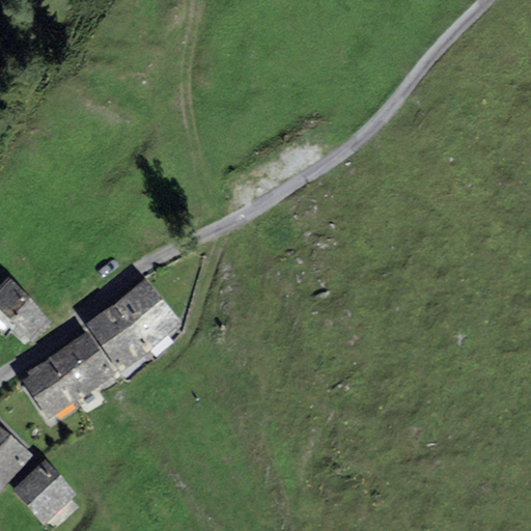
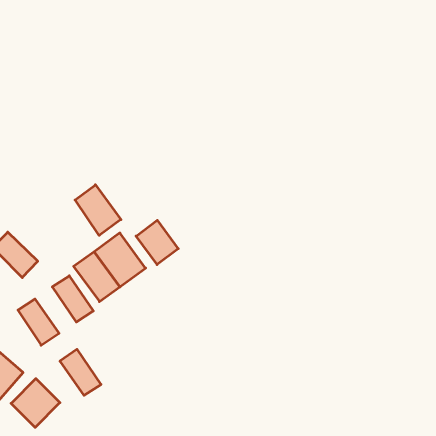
building: none -> [75,185,121,235]
building: none -> [136,220,178,265]
building: [43,347,92,403] -> [60,349,101,395]

